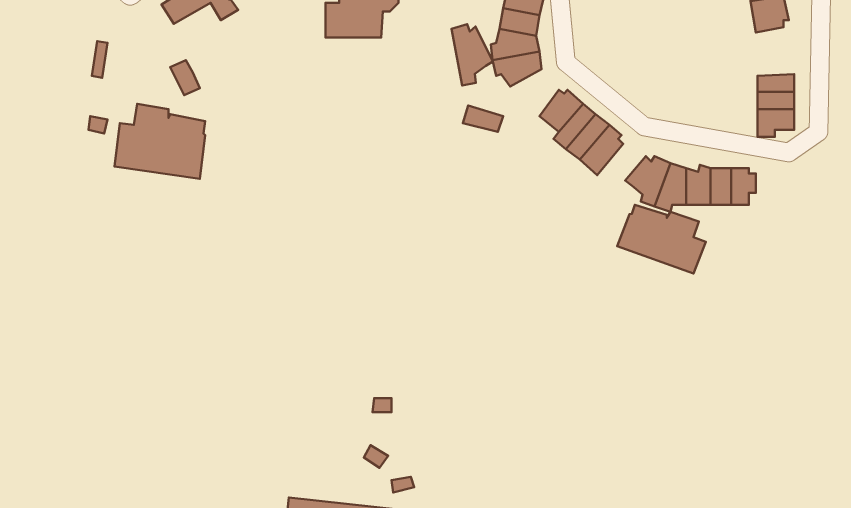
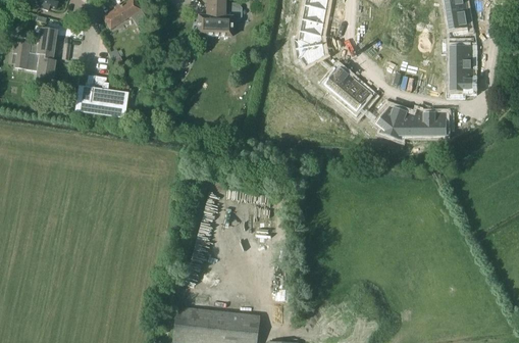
building: none -> [13,28,56,86]
building: [452,24,493,86] -> none
building: none -> [445,41,472,58]
building: [617,205,706,274] -> none

